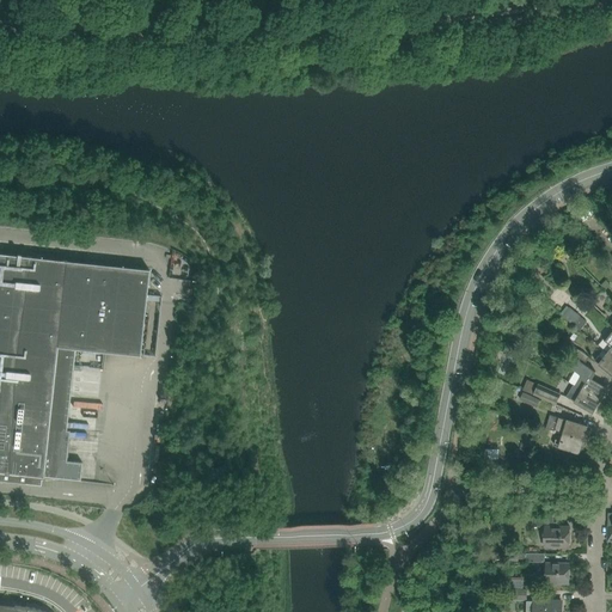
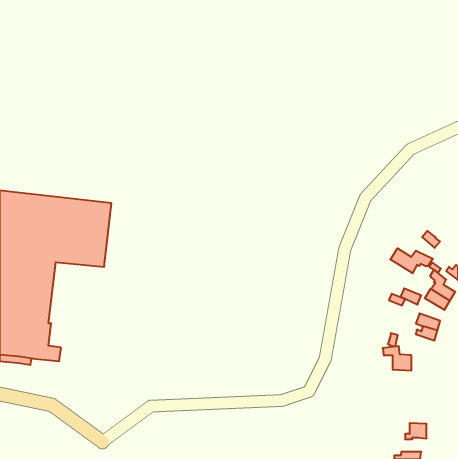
building: none -> [390,248,433,273]
building: [531,515,569,547] -> [383,346,411,371]

